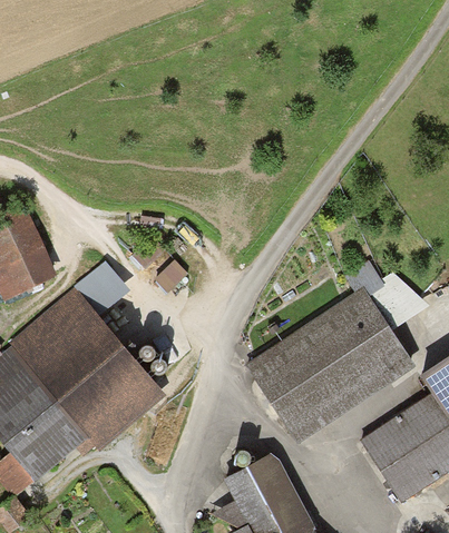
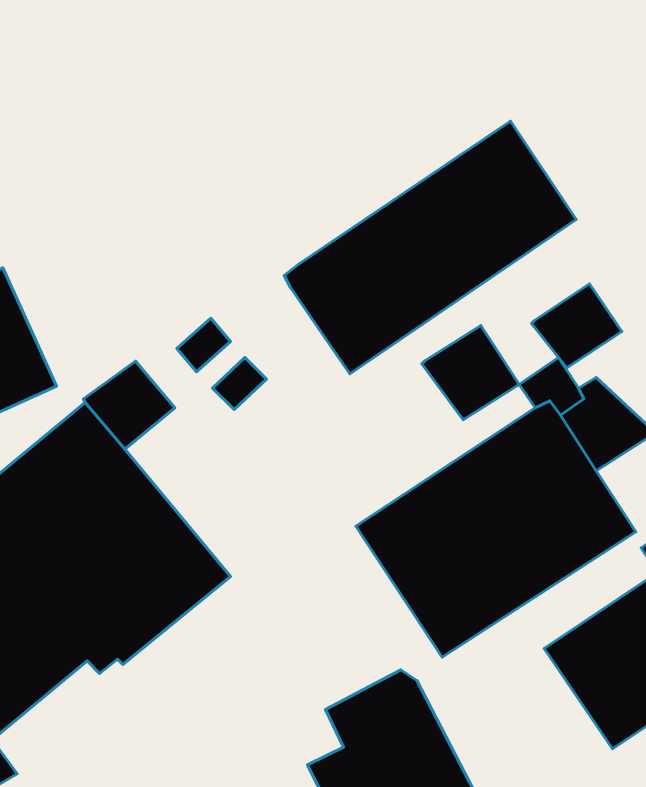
building: none -> [284,121,576,374]
building: none -> [531,284,622,368]
building: none -> [422,326,519,420]

